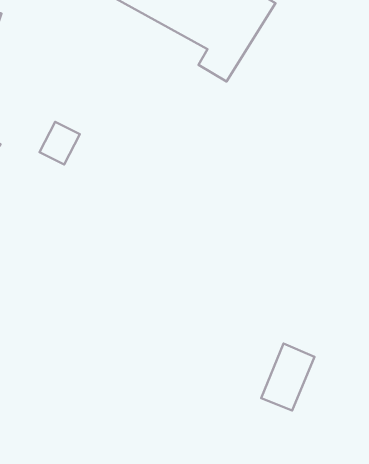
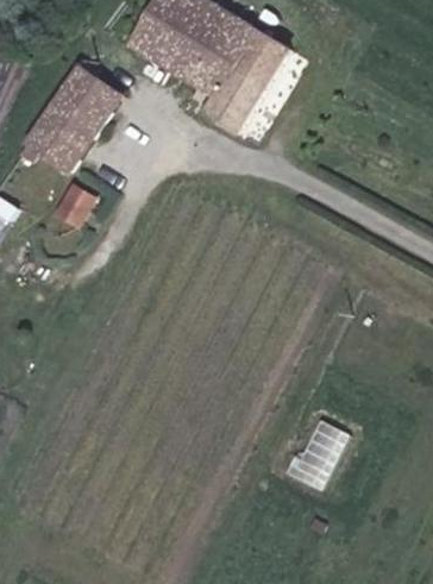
building: none -> [20,63,117,178]

